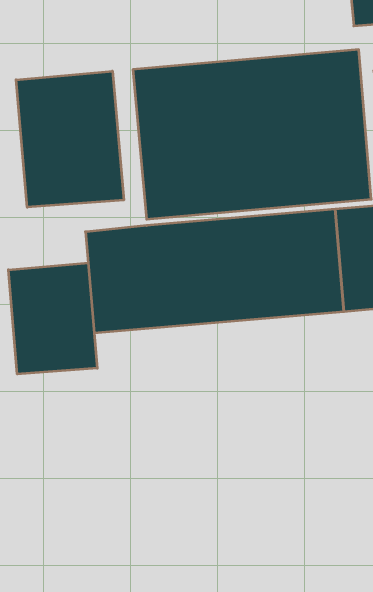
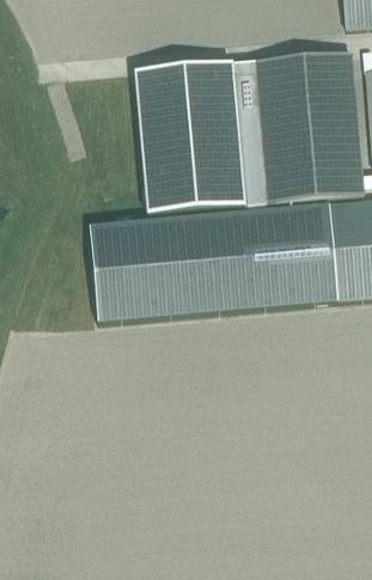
building: [16,71,124,207] -> none
building: [8,263,97,374] -> none

